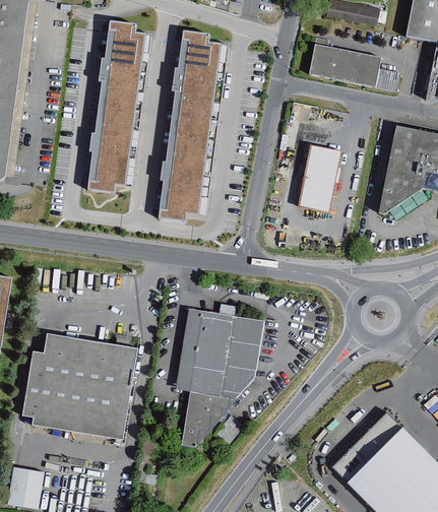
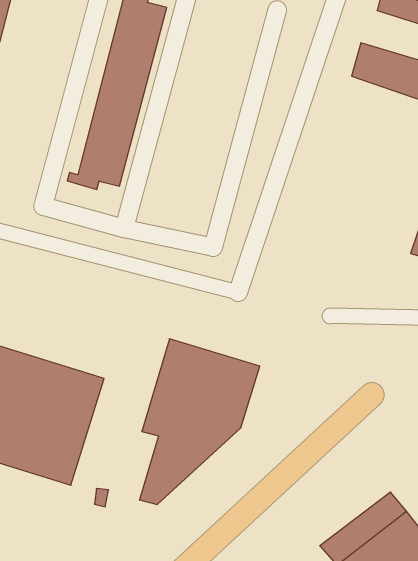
building: [158,31,228,221] -> none
building: [297,145,339,212] -> none

